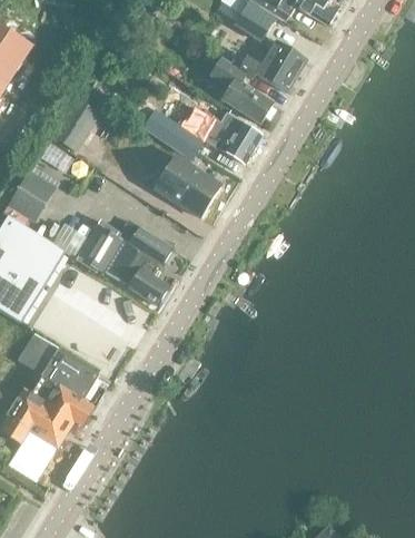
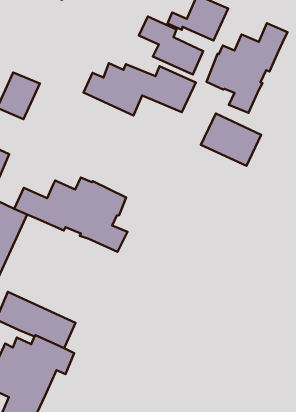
building: none -> [207,23,287,113]
building: [155,156,220,216] -> [201,114,261,166]

